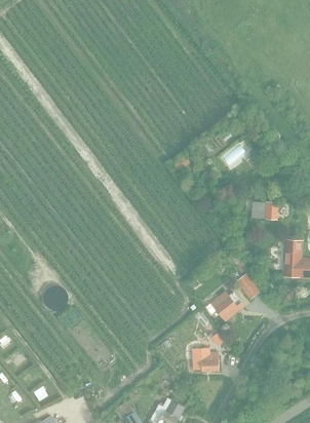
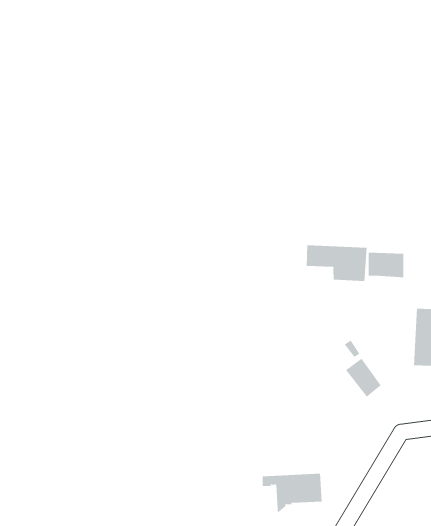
building: none -> [306,245,367,282]
building: [206,290,244,318] -> none

